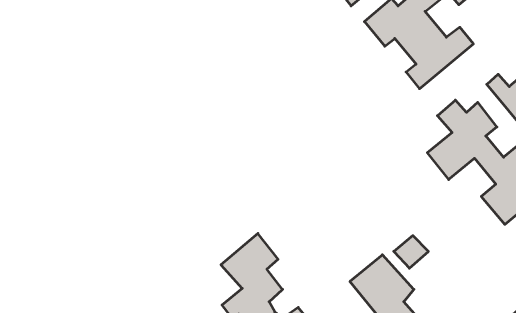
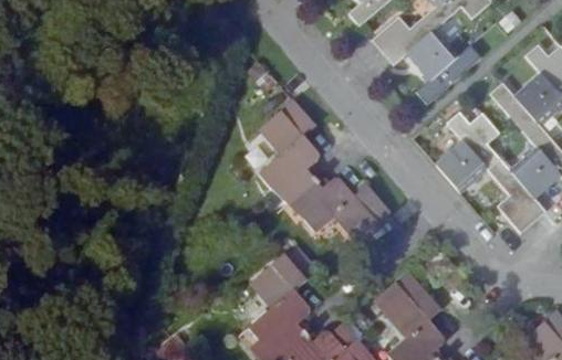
building: none -> [256,94,384,237]

